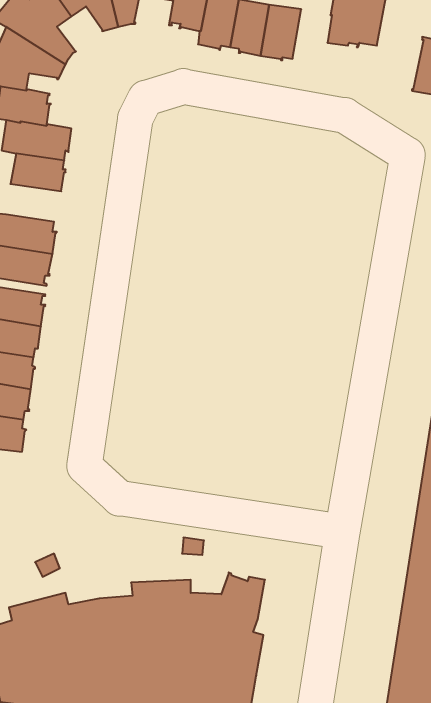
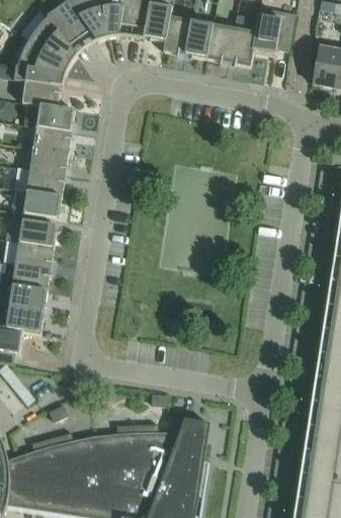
building: none -> [229,27,256,68]
building: none -> [29,149,68,175]

